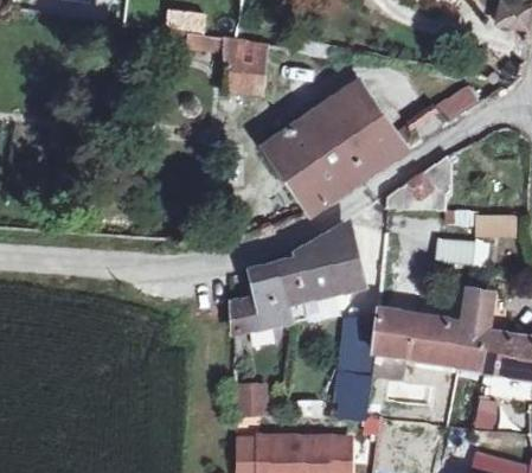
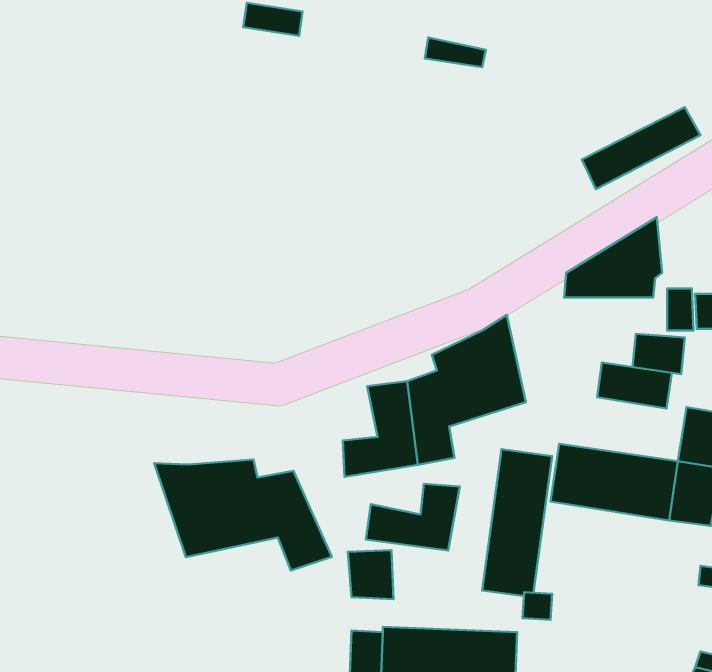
building: [186,34,264,91] -> none
building: [267,85,403,215] -> none
building: none -> [597,363,672,409]
building: none -> [154,459,332,571]
building: none -> [366,484,460,551]

